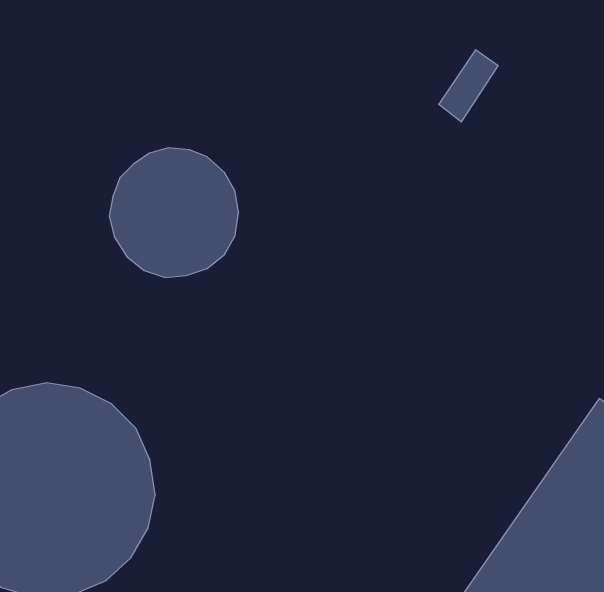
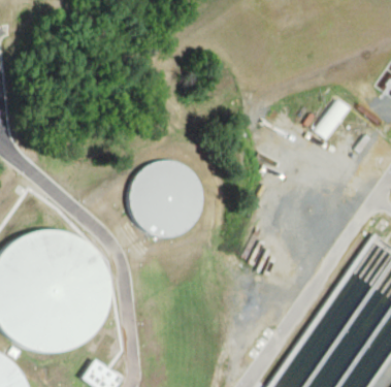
building: [439,50,498,122] -> [314,98,349,140]
building: [109,148,239,277] -> [128,162,204,238]

